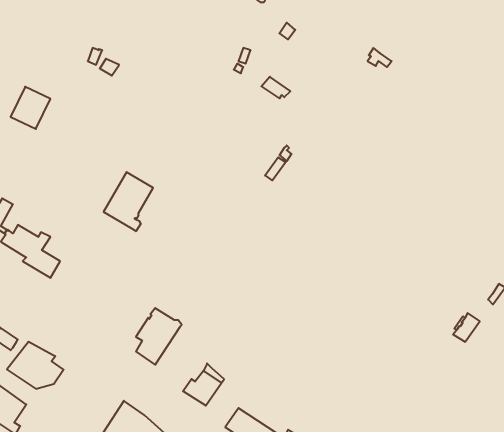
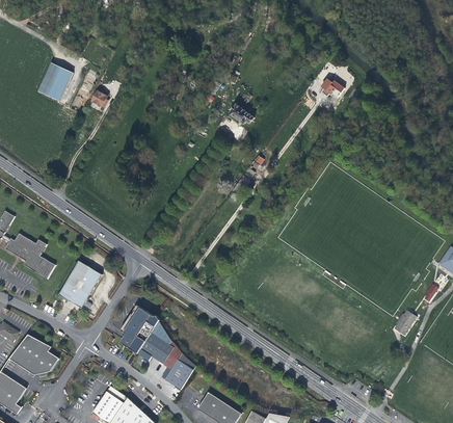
building: [11,87,50,129] -> [37,63,72,100]
building: [104,172,153,231] -> [59,261,102,312]
building: none -> [137,321,175,365]

